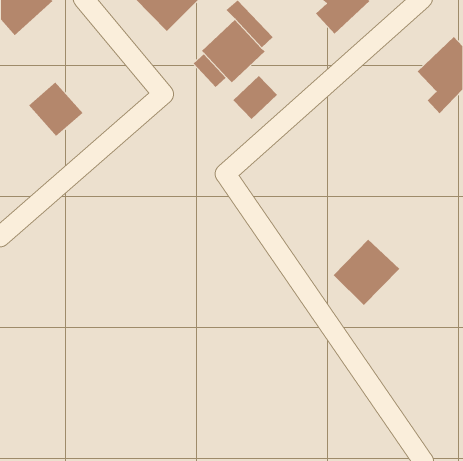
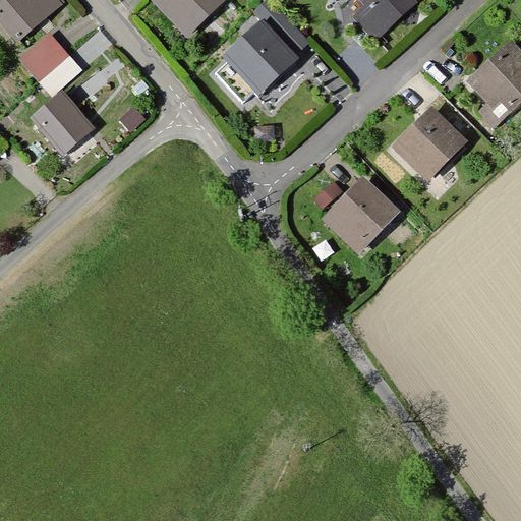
building: none -> [22,27,88,93]
building: [232,75,278,120] -> none
building: none -> [393,108,465,180]
building: [333,239,400,306] -> [323,178,398,253]

